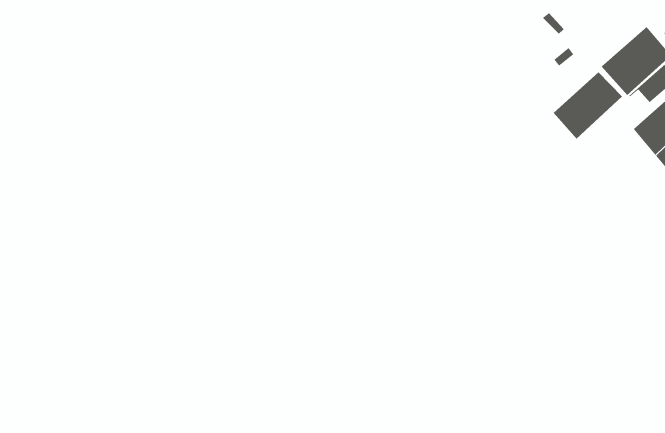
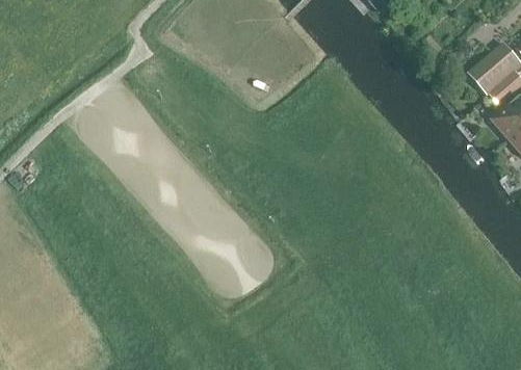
building: [553,72,623,139] -> none

